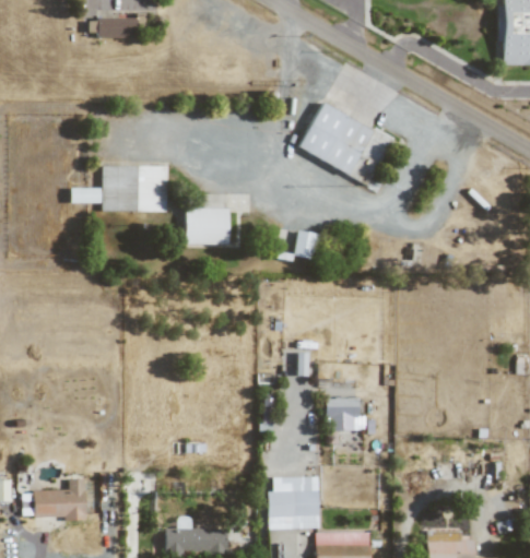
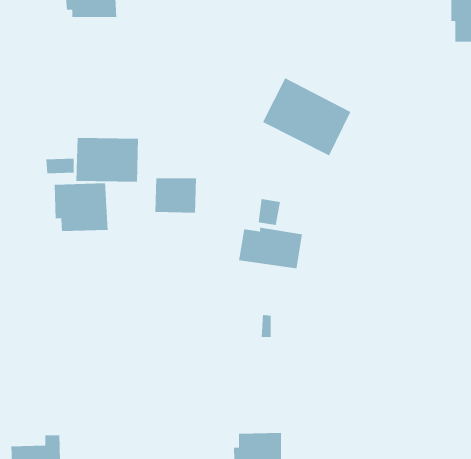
building: none -> [54,182,108,232]
building: none -> [238,227,302,269]
building: [326,396,358,429] -> none

